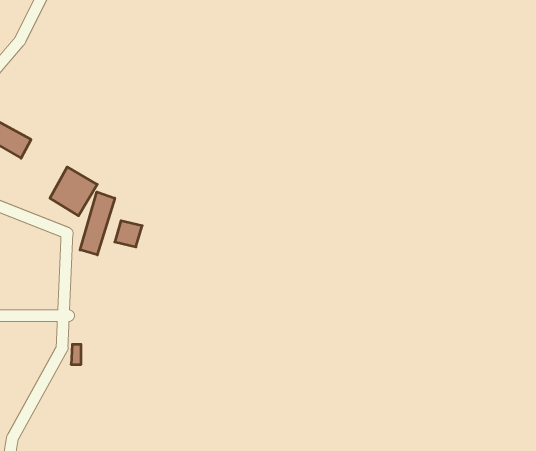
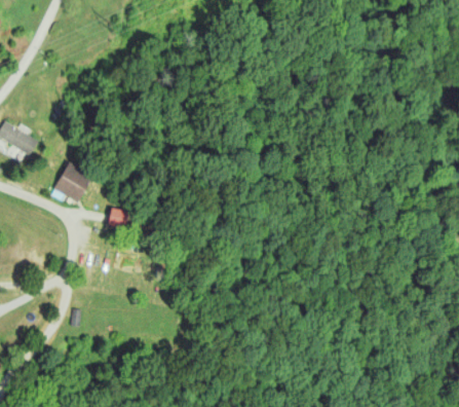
building: [80,192,115,255] -> none

